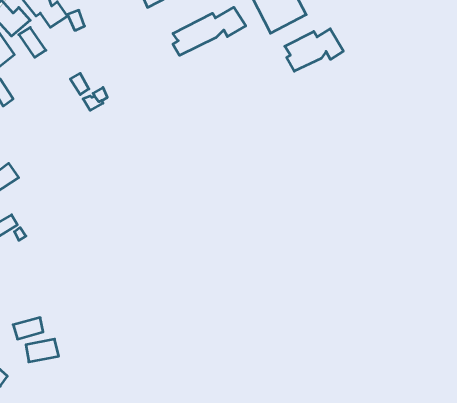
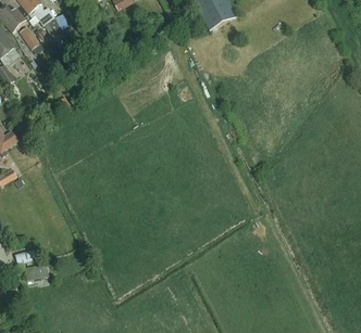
building: [173,7,246,55] -> none
building: [285,29,343,71] -> none

